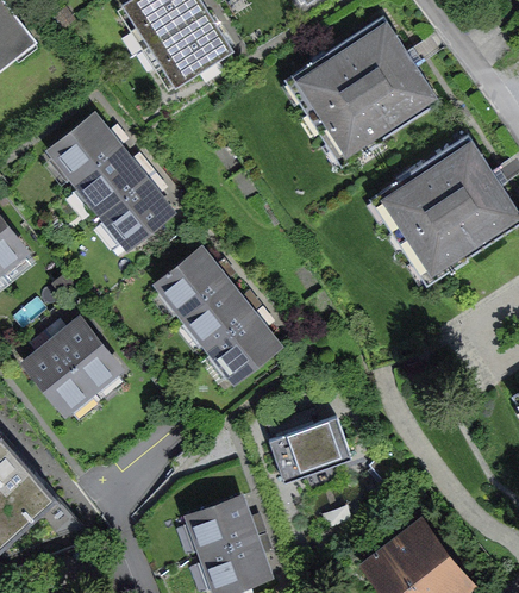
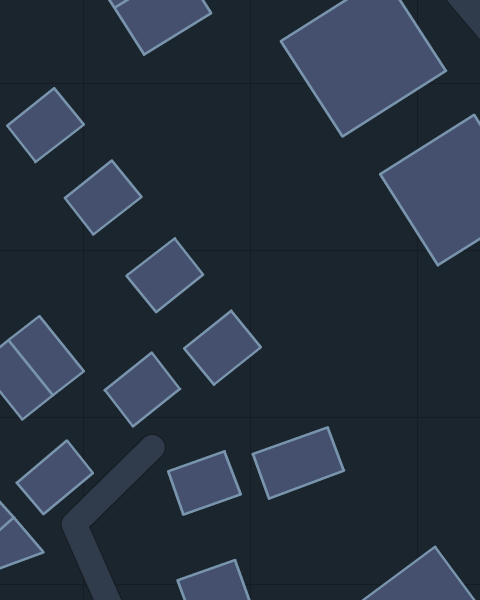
building: [76,149,144,214] -> none
building: [183,282,250,348] -> [105,353,180,426]
building: none -> [17,441,93,514]
building: [189,498,254,554] -> [168,451,241,514]

